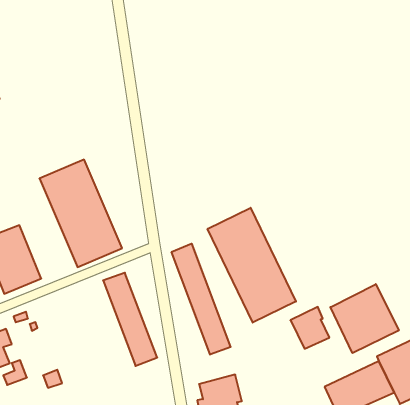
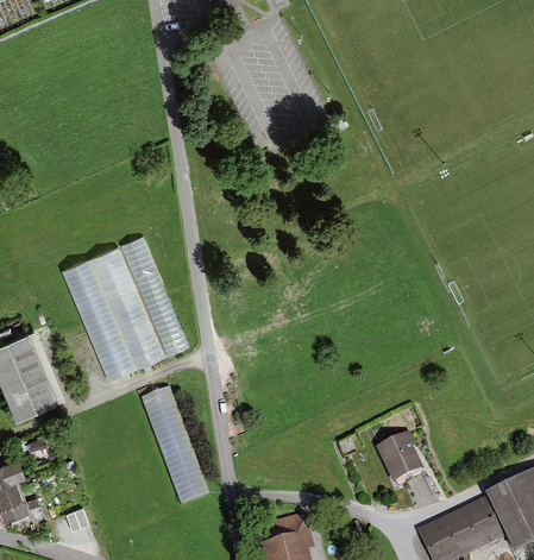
building: none -> [121,237,188,353]
building: [208,208,296,323] -> none
building: [172,244,231,355] -> none
building: [330,284,399,353] -> none

